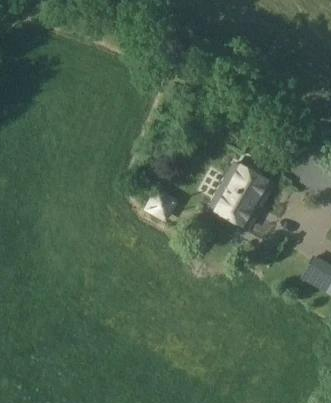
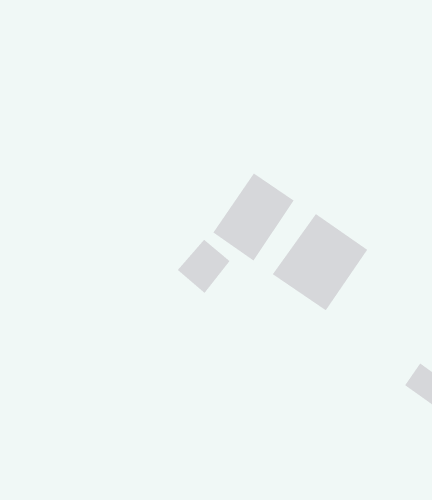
building: none -> [212,173,295,262]

